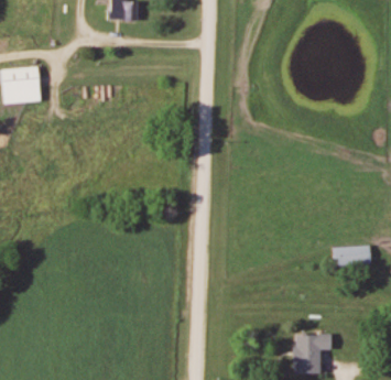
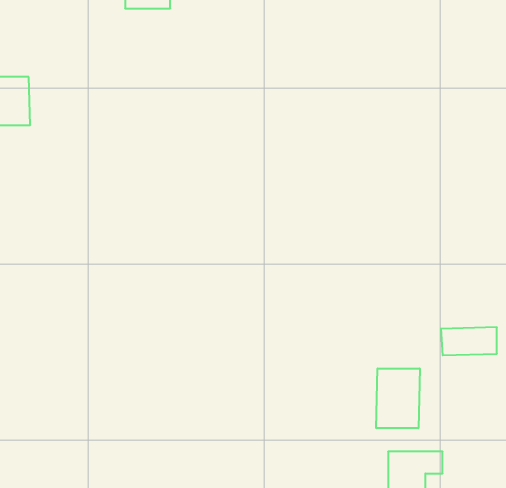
building: none -> [376,368,420,428]

